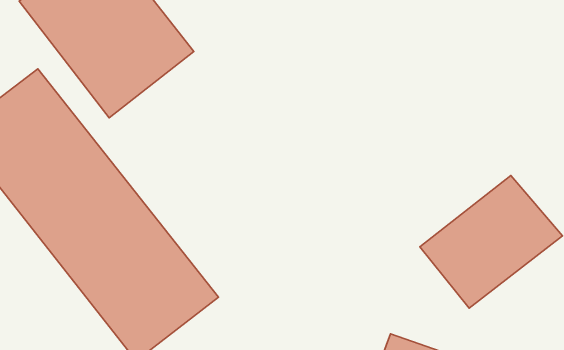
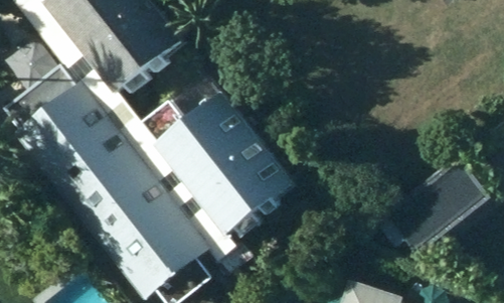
building: none -> [157,94,300,244]

